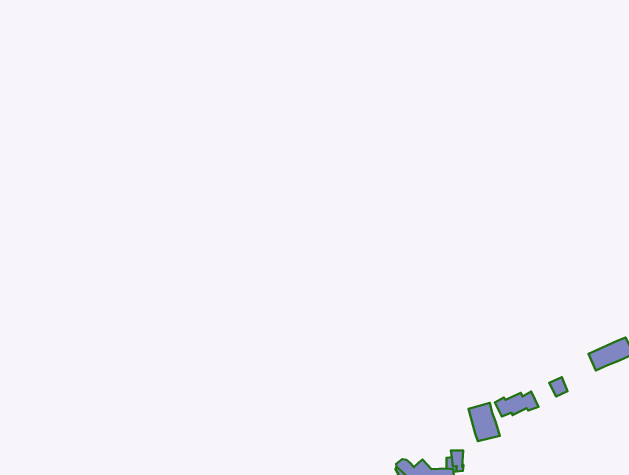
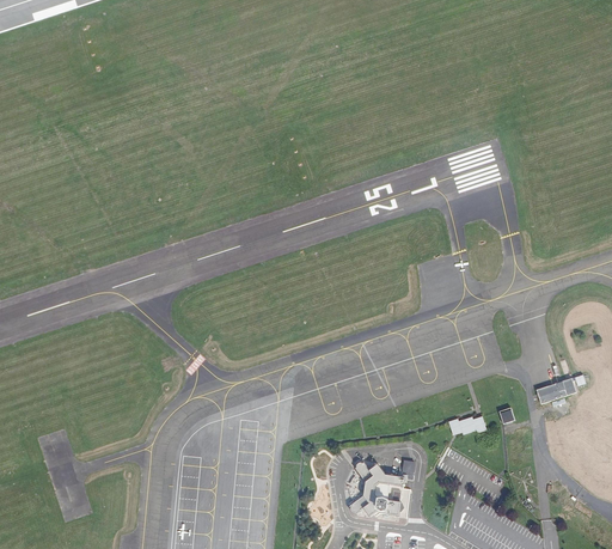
building: [468,403,500,441] -> none

